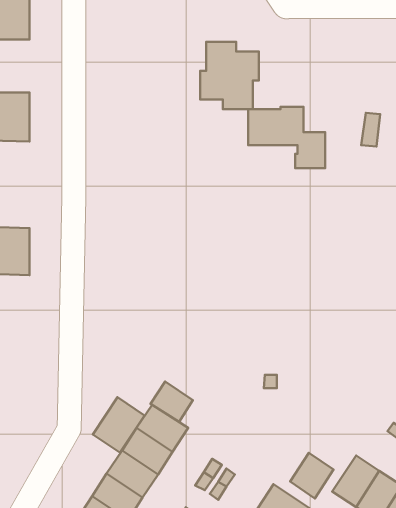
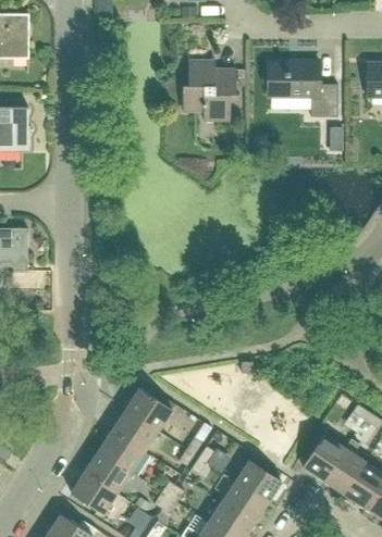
building: [248,107,325,168] -> [269,61,338,116]
building: [151,382,193,422] -> none
building: [93,397,145,453] -> none
building: [290,453,334,498] -> none

